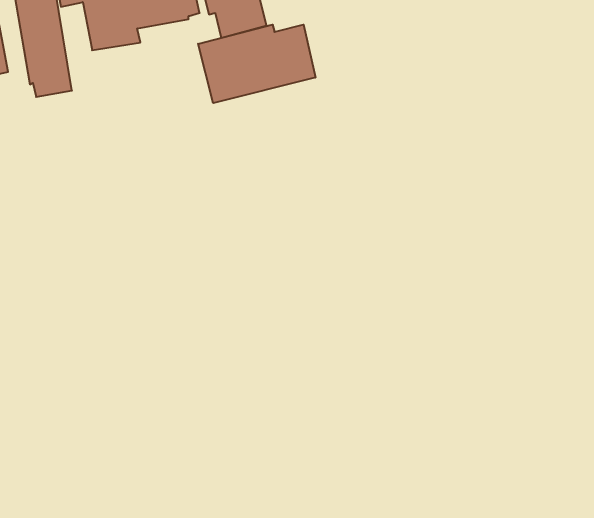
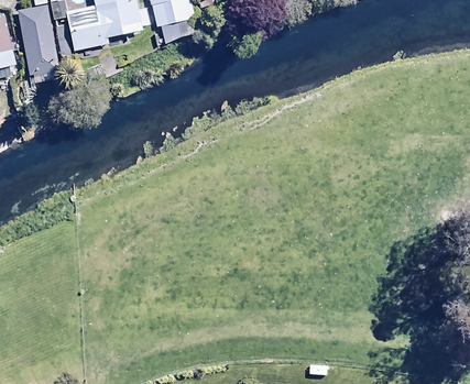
building: [198,25,315,103] -> none

